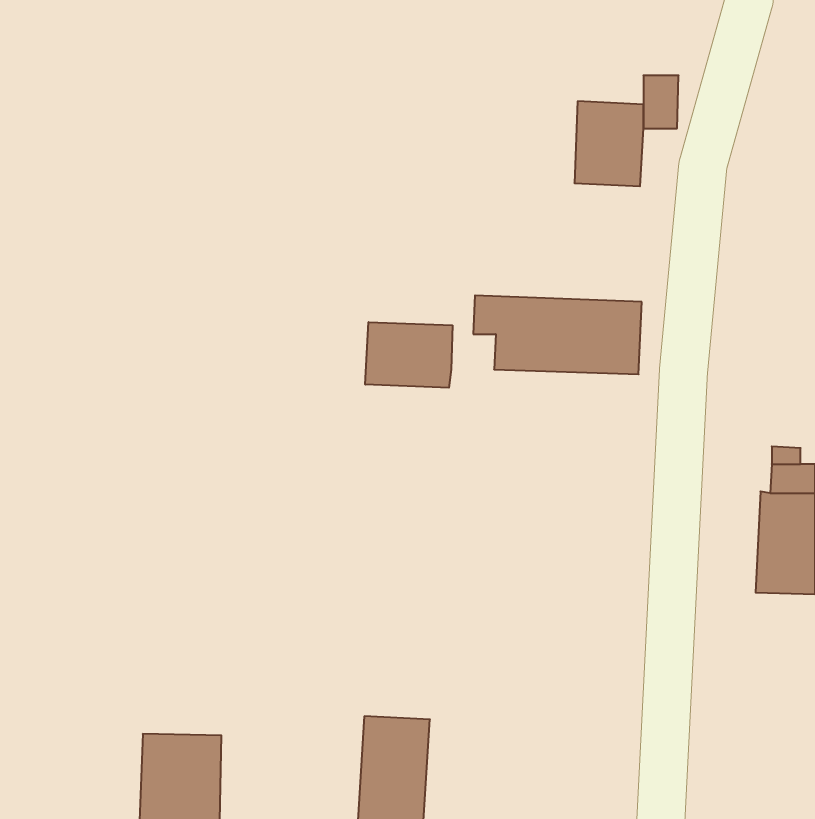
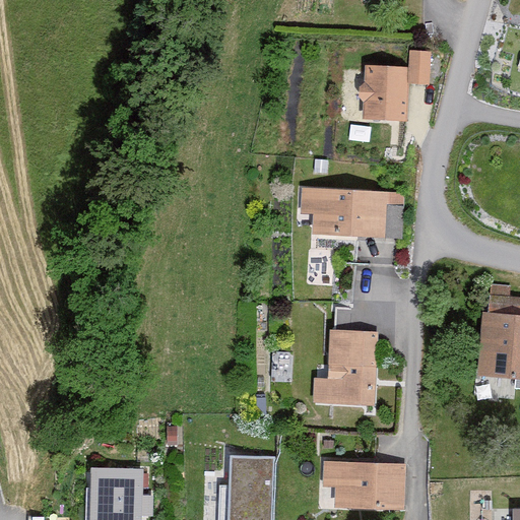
building: [365,322,452,388] -> none
building: none -> [313,330,377,406]
building: none -> [321,460,403,512]

